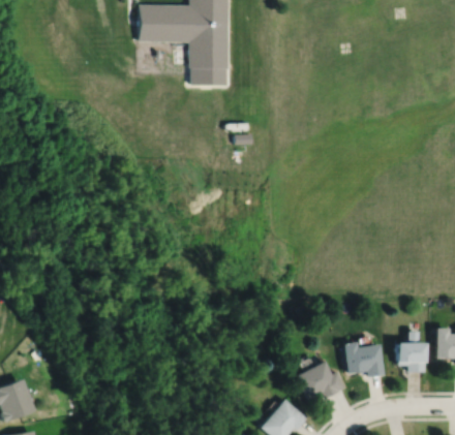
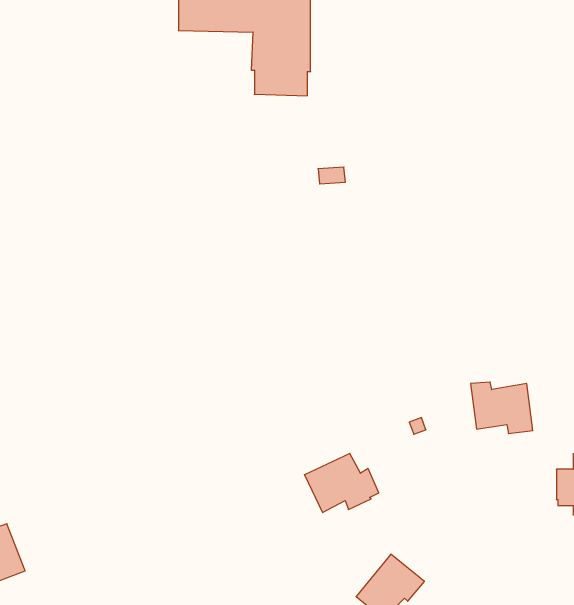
building: [342,341,385,376] -> [471,382,533,434]
building: [294,360,344,400] -> [304,453,379,513]

